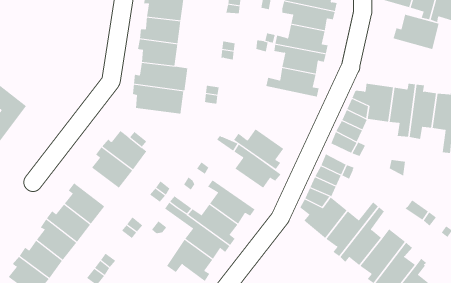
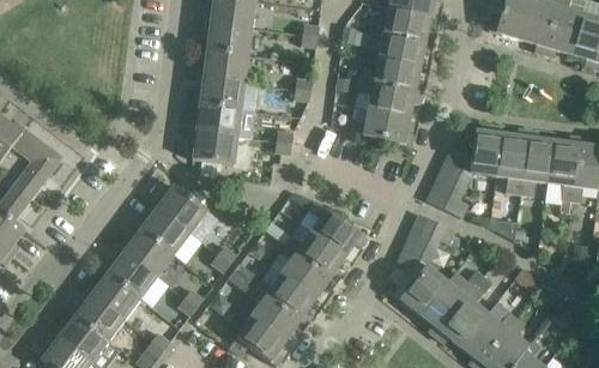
building: [393,14,439,50] -> none
building: [233,129,284,170] -> [285,230,346,279]
building: none -> [120,229,174,276]

